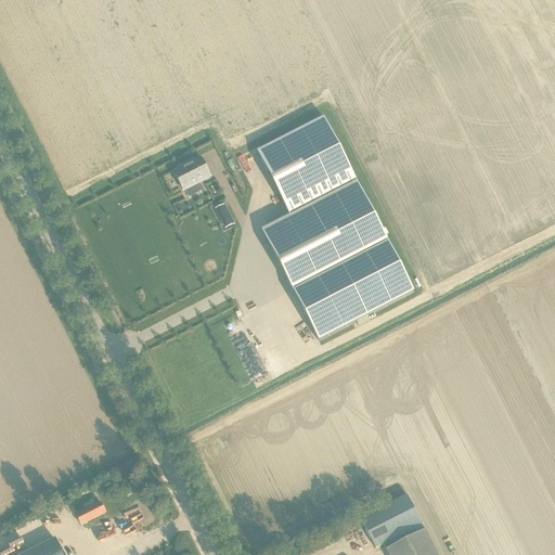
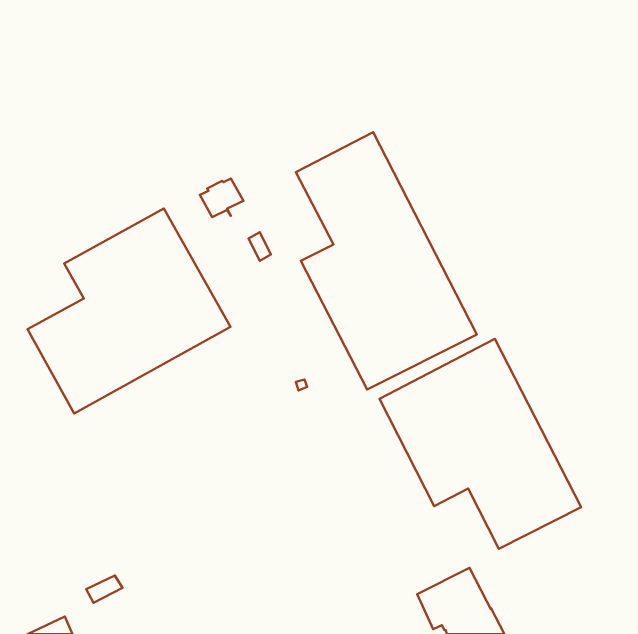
building: none -> [28,209,231,414]
building: none -> [379,339,581,549]

